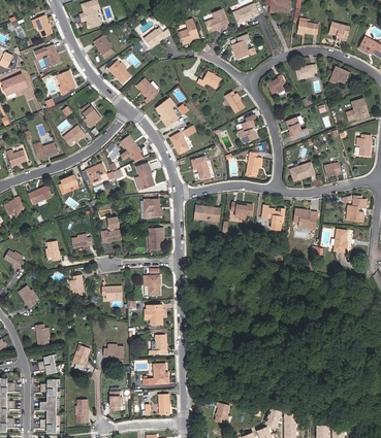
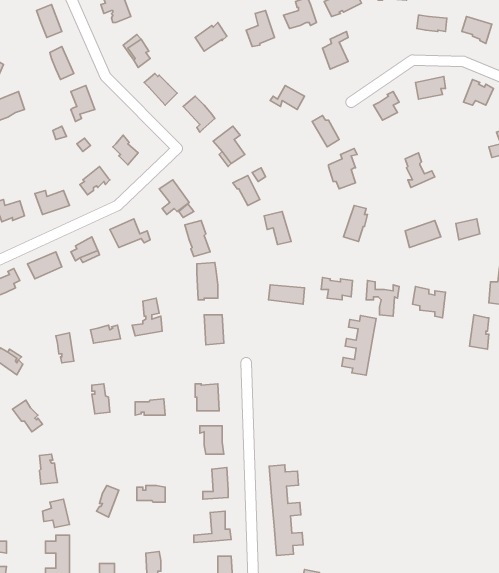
building: none -> [342,316,376,375]
building: none -> [269,465,303,556]

